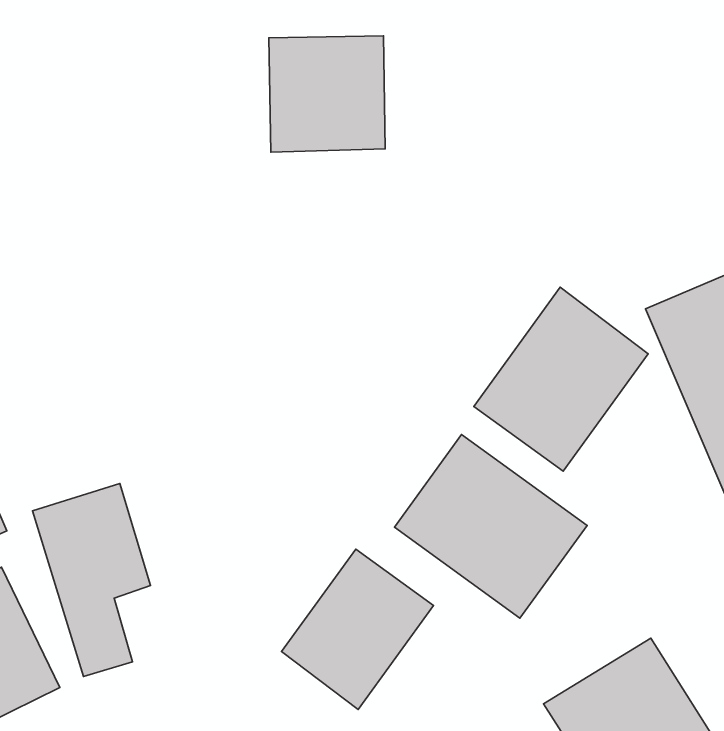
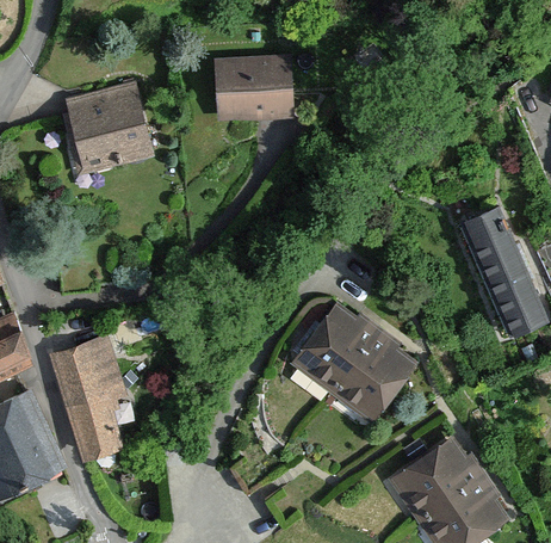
building: none -> [57,80,156,177]
building: [474,287,648,471] -> none
building: [282,549,433,709] -> none

